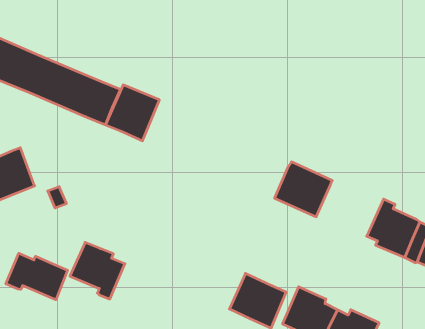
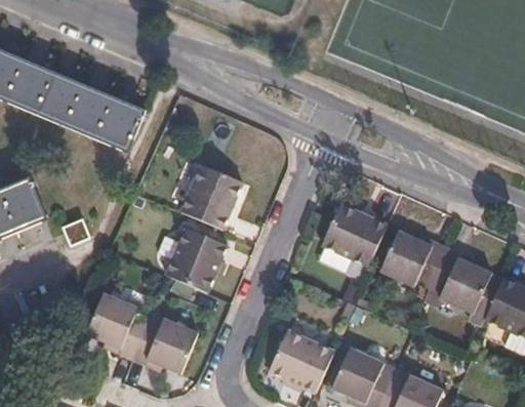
building: [105,85,159,141] -> [180,164,243,229]
building: none -> [165,227,226,291]
building: none -> [380,228,448,286]
building: [6,253,68,300] -> none
building: none -> [131,318,197,371]

